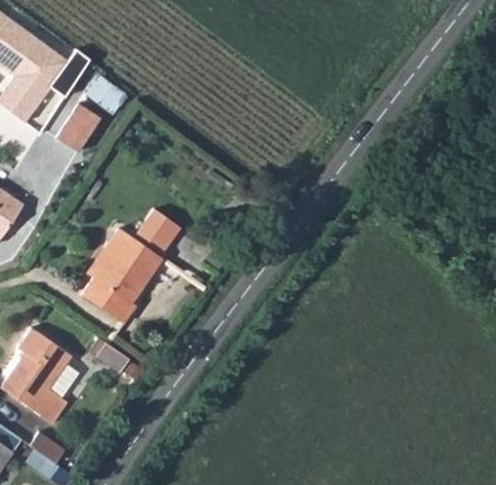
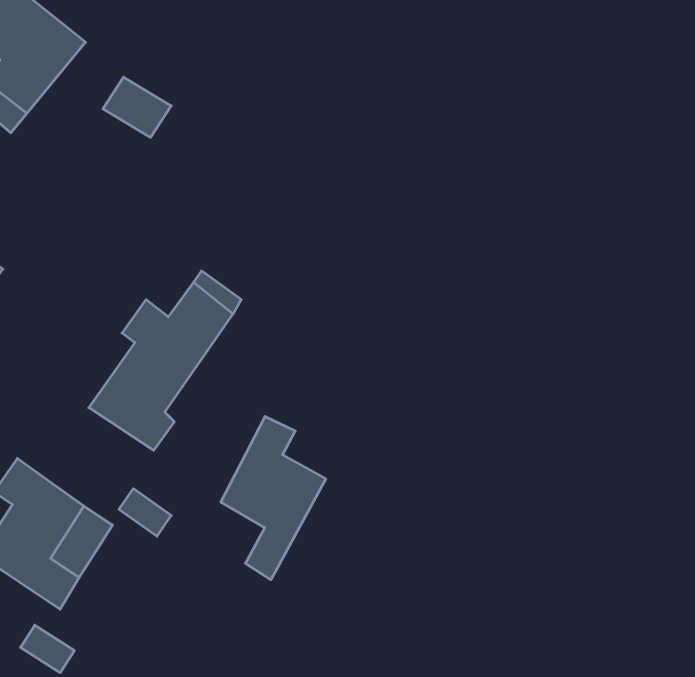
building: [53,104,97,155] -> none
building: none -> [221,416,326,580]

